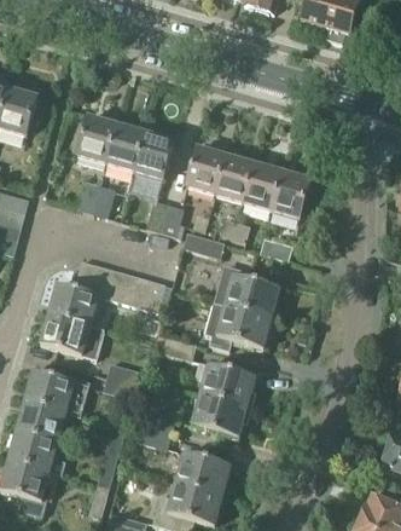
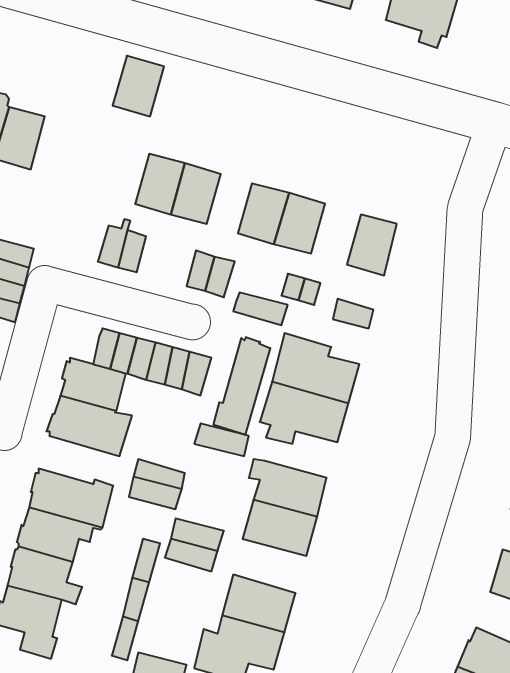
building: [77,116,117,163] -> [113,56,164,116]
building: [243,163,281,210] -> none
building: none -> [214,337,270,435]

